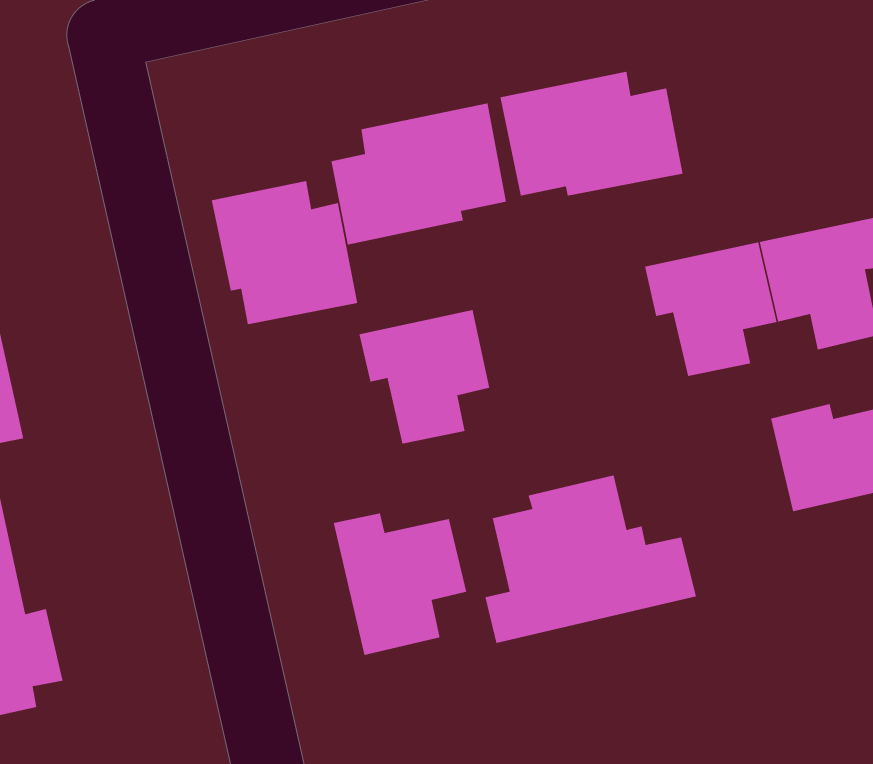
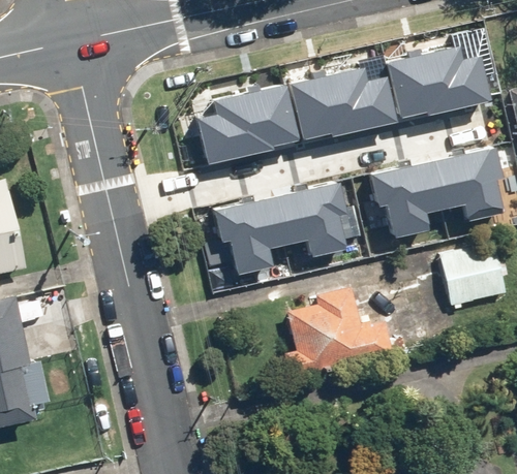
building: none -> [383,42,486,114]
building: [211,180,358,325] -> none
building: none -> [275,185,343,257]
building: [333,512,467,656] -> none

